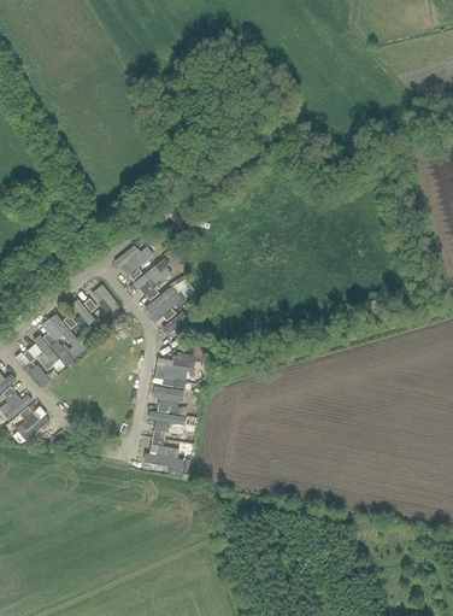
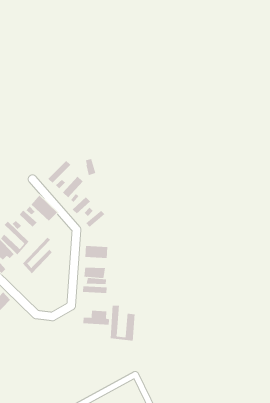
building: none -> [22,237,53,274]
building: none -> [110,305,135,342]

